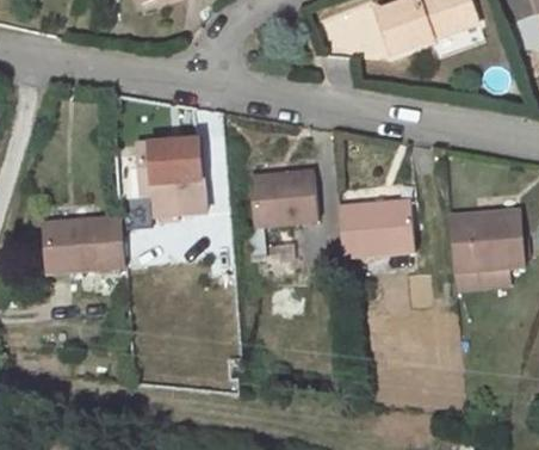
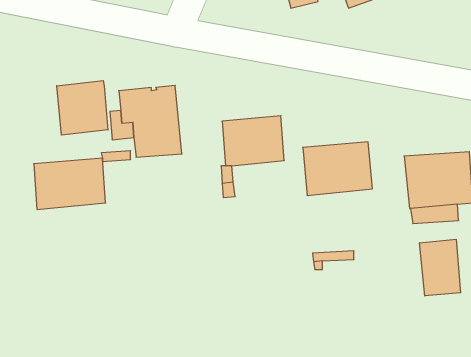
building: none -> [57,81,108,135]
building: none -> [420,239,461,296]

